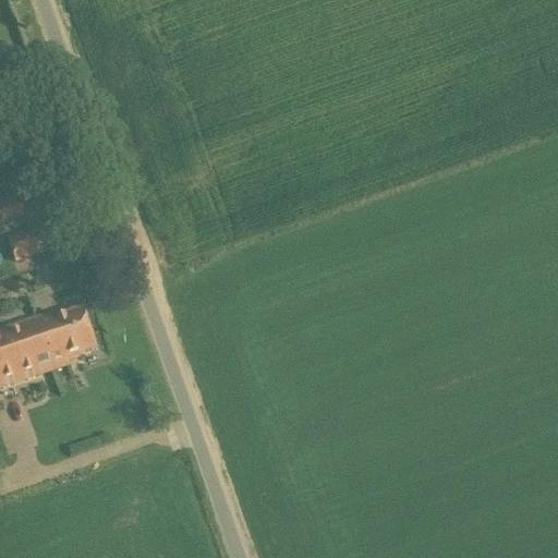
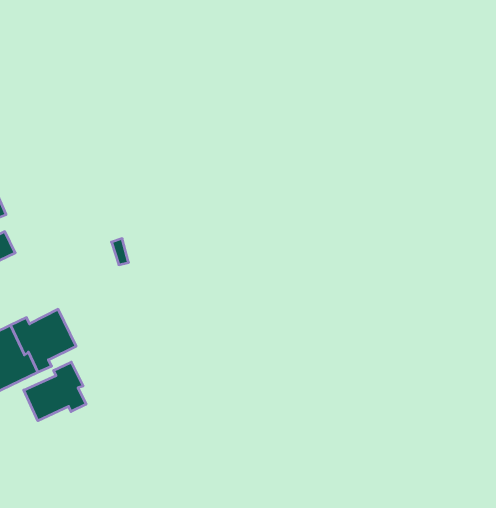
building: none -> [24,362,86,421]

